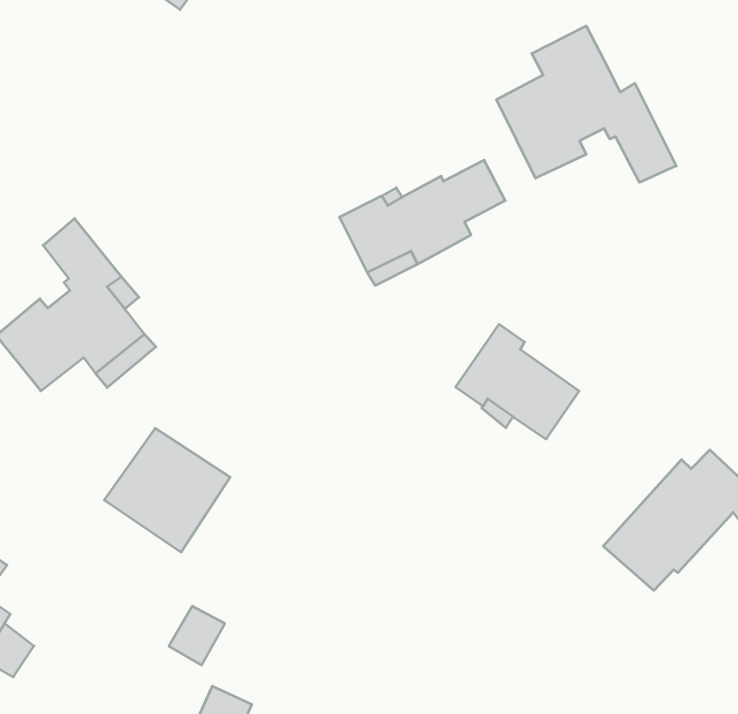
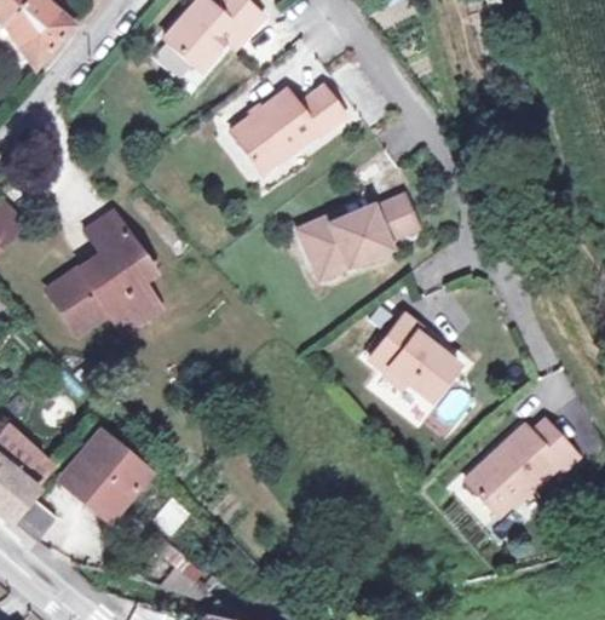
building: none -> [231,85,347,171]
building: [497,26,676,182] -> none
building: [104,428,230,552] -> [59,430,150,519]

